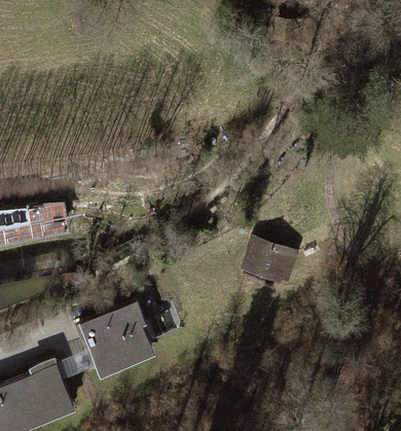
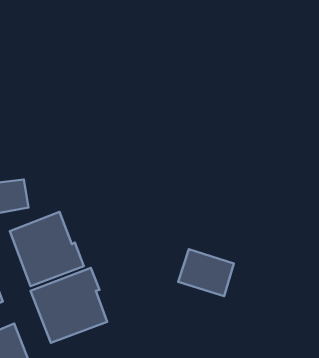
building: [238,235,297,285] -> [178,249,234,296]
building: none -> [10,212,84,286]

